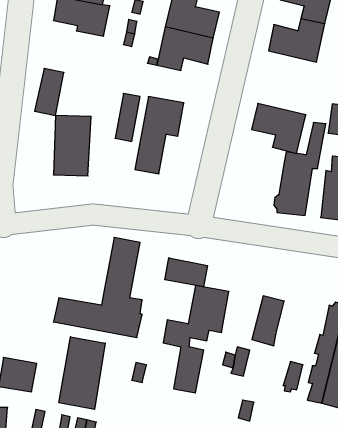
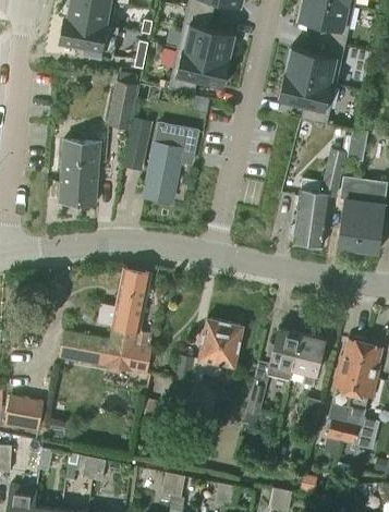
building: [35,68,64,115] -> [107,80,137,129]
building: [252,103,306,153] -> [278,73,335,125]
building: [165,258,207,287] -> none
building: none -> [292,334,324,387]
building: [59,337,105,409] -> none

